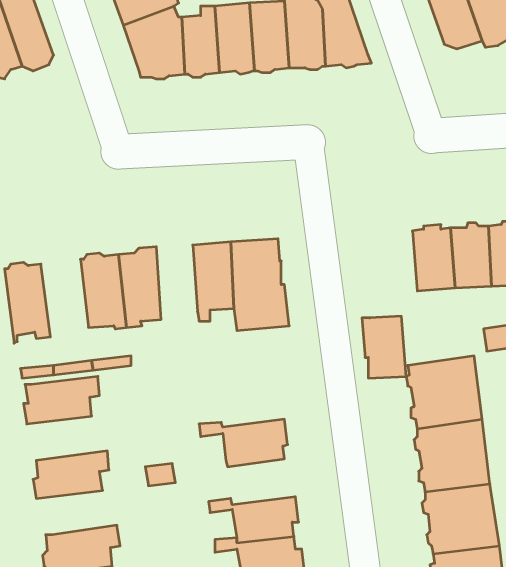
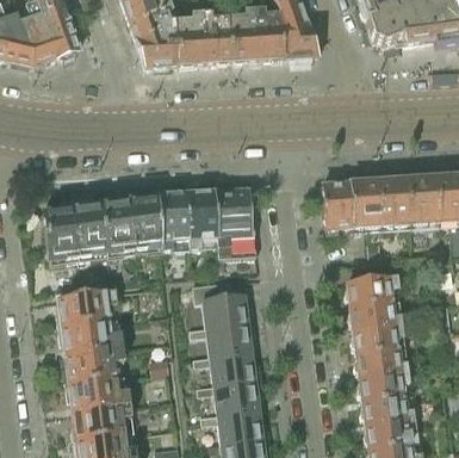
building: none -> [156,192,187,252]
building: none -> [69,200,105,261]
building: [362,316,406,378] -> [320,181,353,228]
building: none -> [193,279,253,329]
building: none -> [58,321,119,354]
building: none -> [192,353,261,388]
building: none -> [66,377,126,410]

